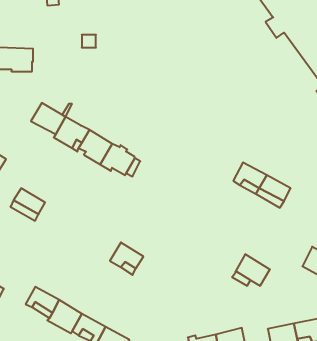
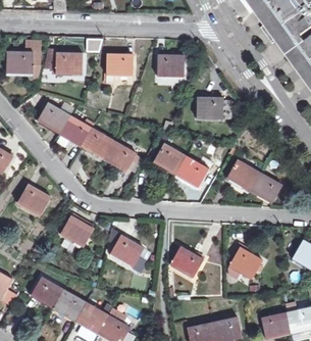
building: none -> [53,49,83,75]
building: none -> [106,54,133,83]
building: none -> [157,54,183,75]
building: none -> [197,97,222,115]
building: none -> [153,143,208,187]
building: none -> [60,215,93,245]
building: none -> [170,246,203,277]

